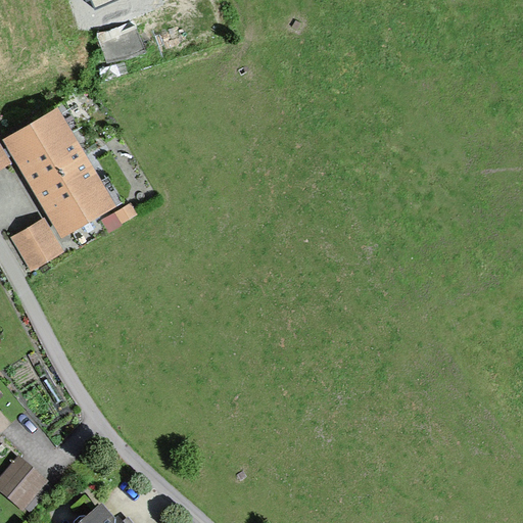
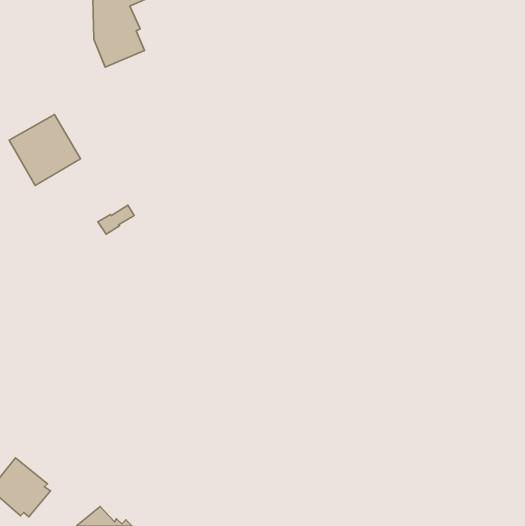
building: [35,157,106,228] -> none
building: [13,222,56,265] -> none

